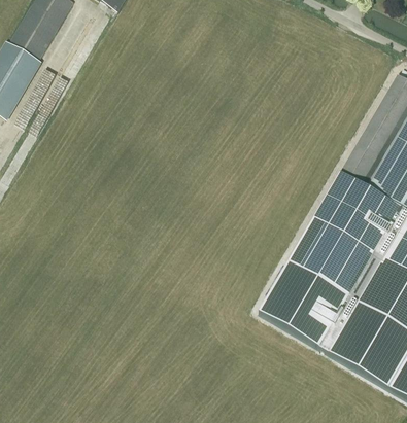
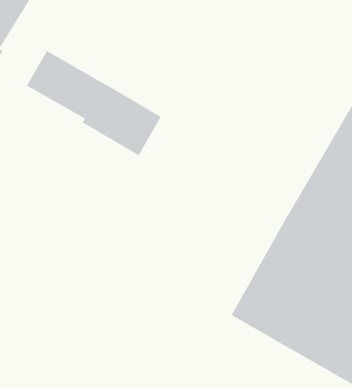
building: none -> [26,50,162,156]

